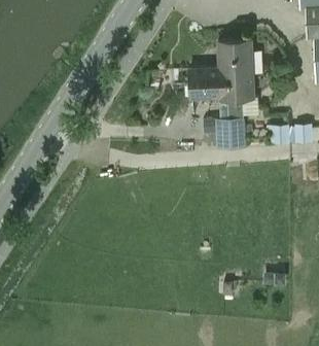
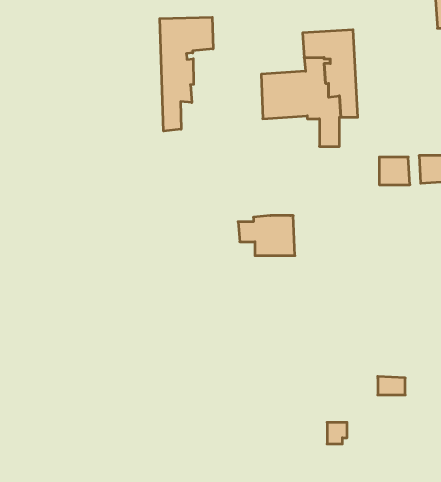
building: none -> [160,17,213,131]
building: [207,117,245,144] -> [238,216,295,256]

